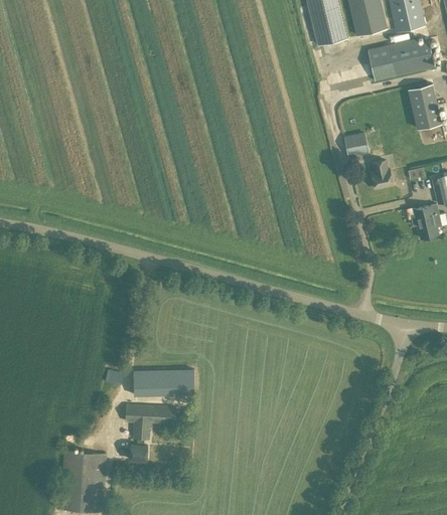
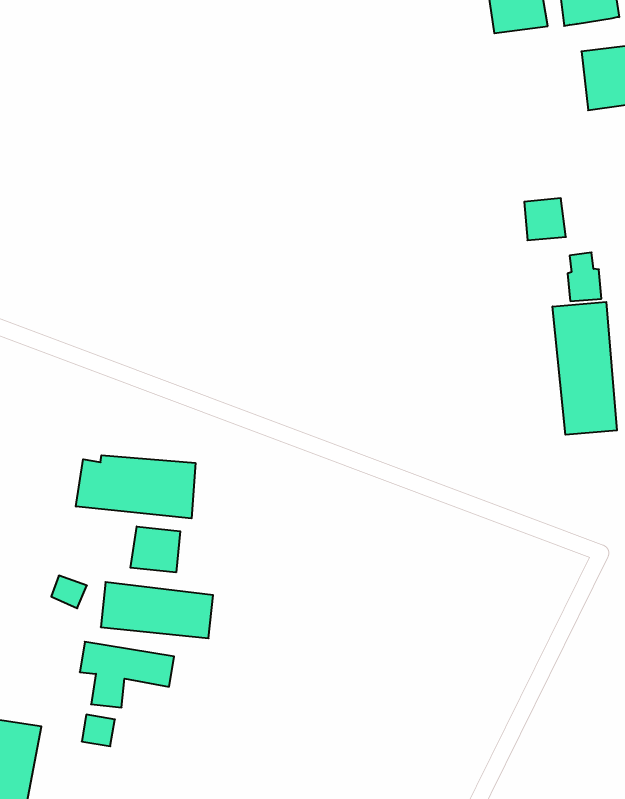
building: none -> [553,302,617,435]
building: none -> [76,455,195,518]
building: none -> [130,526,180,572]

